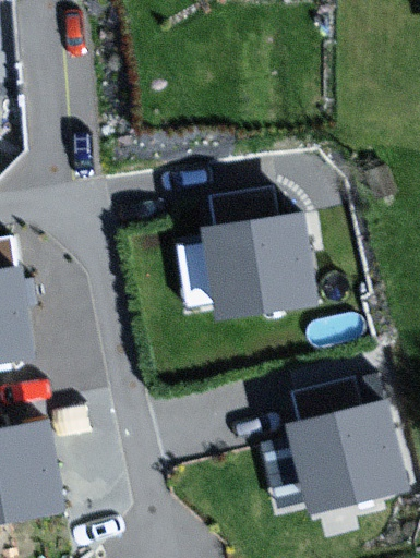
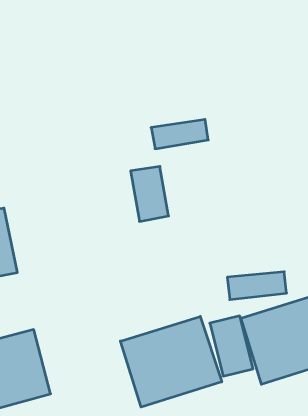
building: [219,222,321,316] -> none
building: none -> [120,316,222,407]

